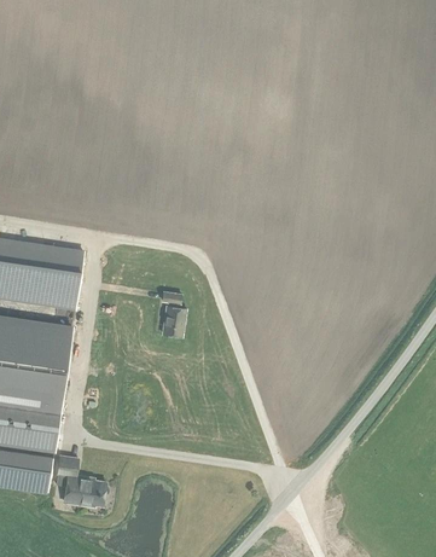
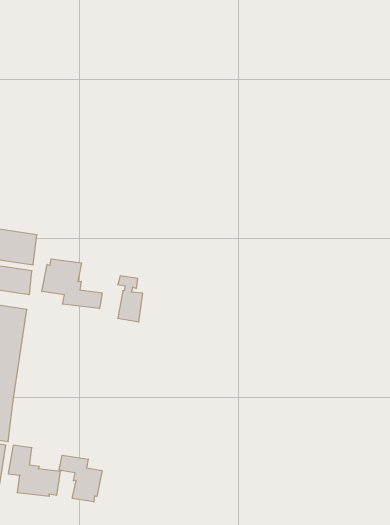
building: none -> [42,259,102,309]
building: none -> [59,455,102,502]

